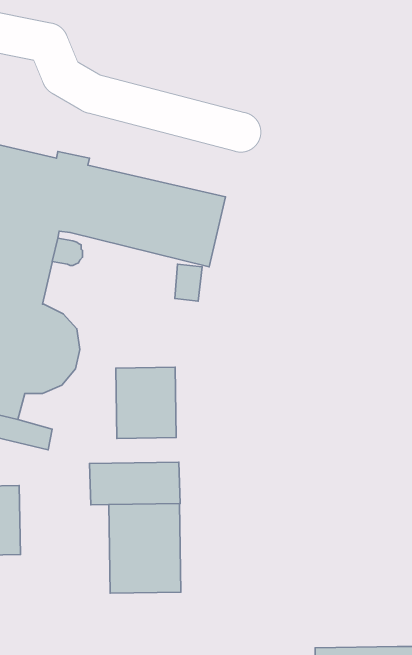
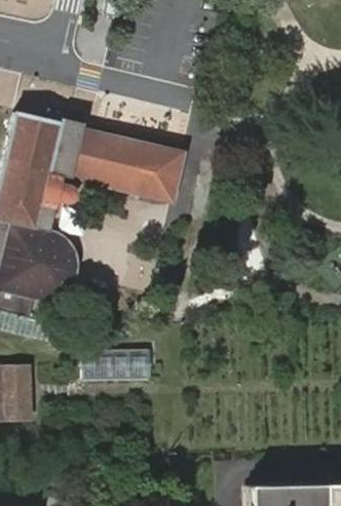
building: [116,367,176,438] -> none
building: [109,504,181,593] -> none

